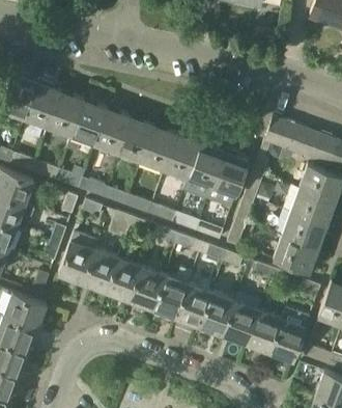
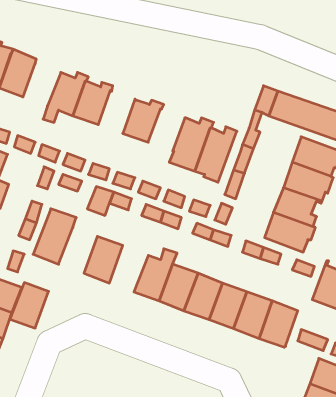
building: [48,94,85,134] -> none
building: [118,119,155,160] -> none
building: [165,137,202,176] -> none
building: [81,248,117,291] -> [10,283,49,328]
building: [129,265,165,308] -> none

